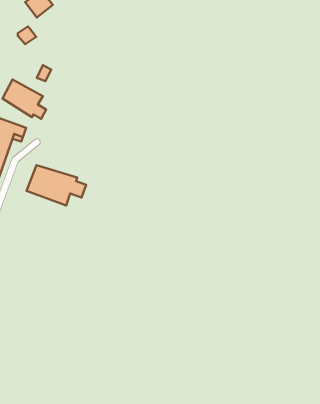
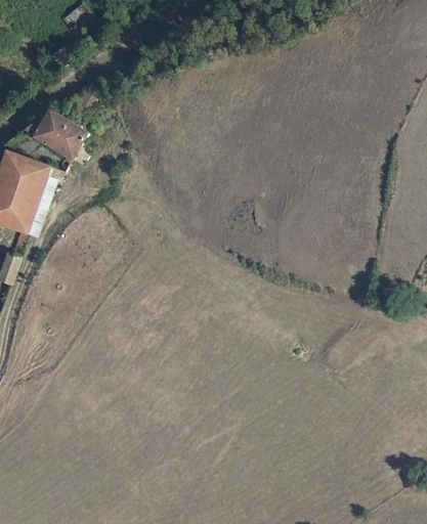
building: [26,165,86,205] -> none

